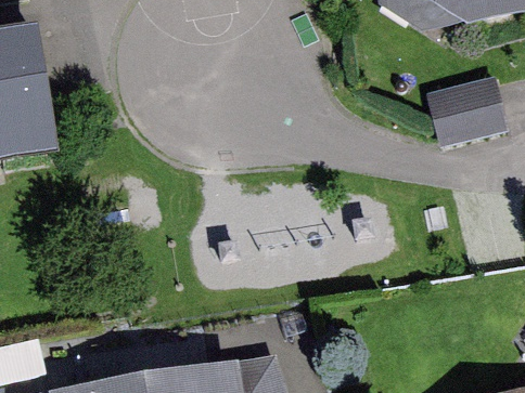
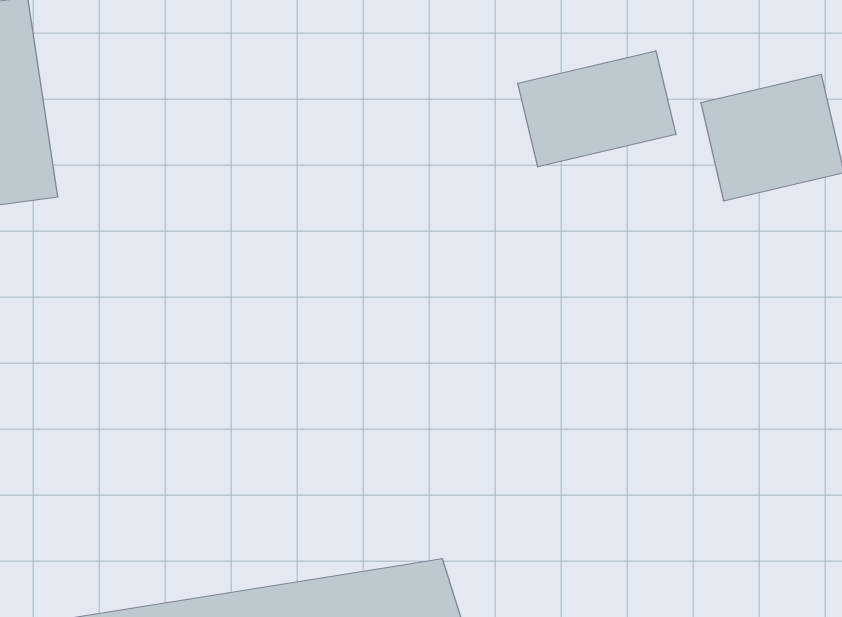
building: none -> [518,51,676,167]

